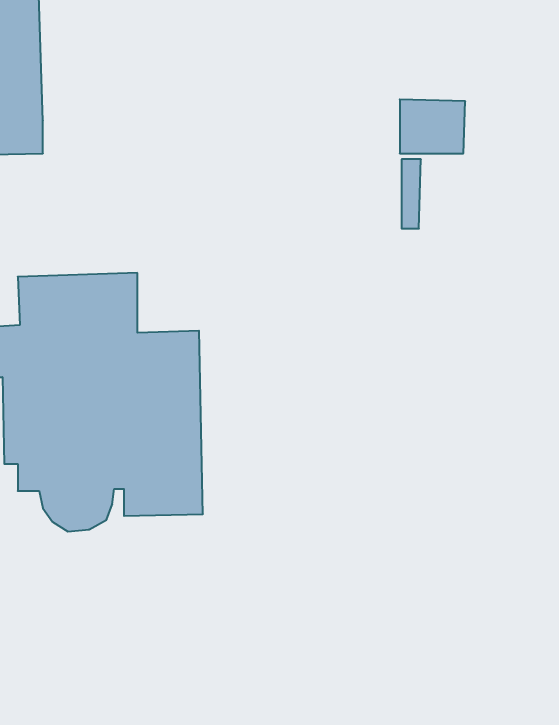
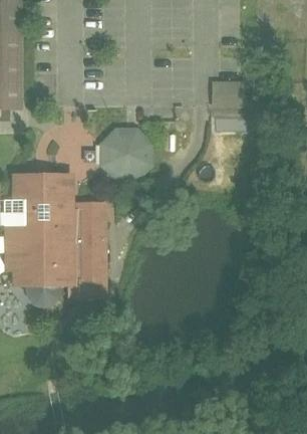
building: none -> [100,127,156,182]

